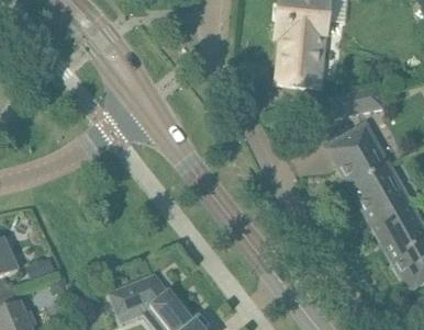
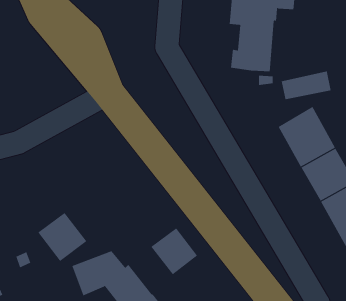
building: none -> [37,212,87,262]
building: none -> [151,228,198,275]

